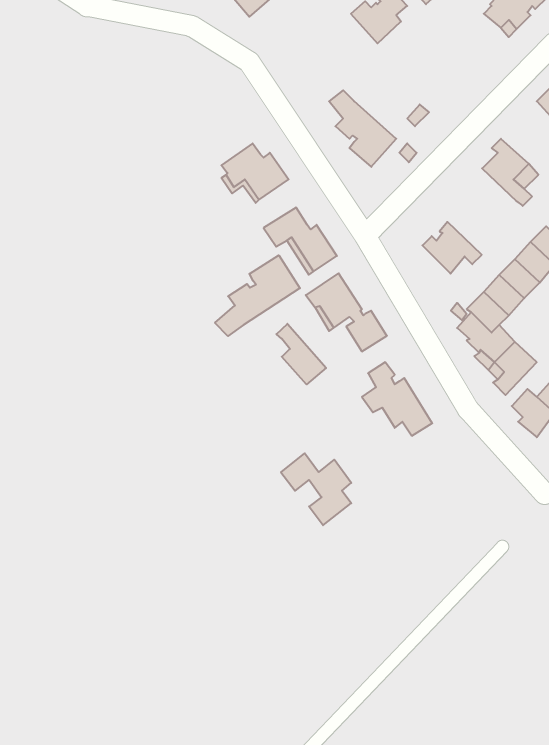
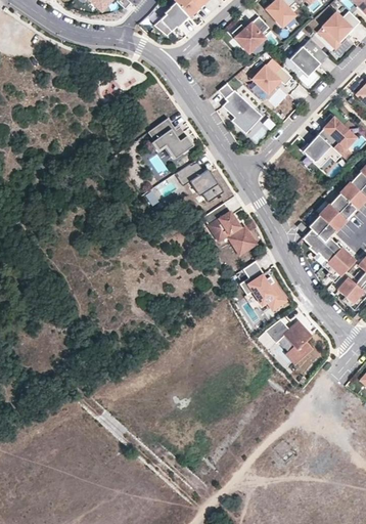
building: none -> [290,39,330,78]
building: none -> [254,66,293,92]
building: [422,222,482,274] -> [303,134,341,168]
building: [215,255,300,336] -> none
building: [276,324,326,384] -> none
building: [281,453,351,525] -> [266,318,312,365]

